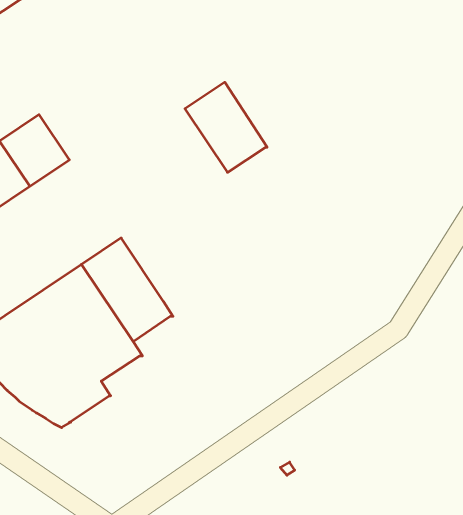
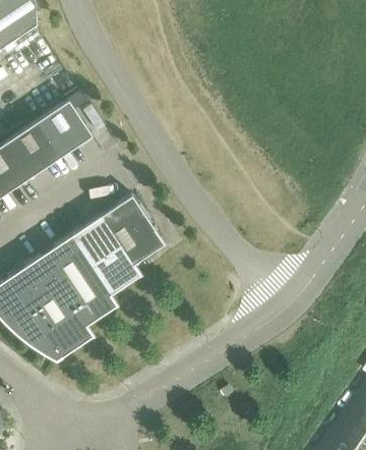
building: [185,82,267,172] -> [101,195,164,265]
building: none -> [38,101,92,156]

